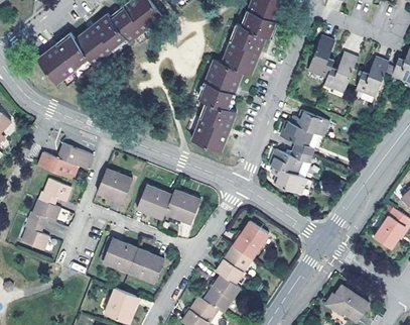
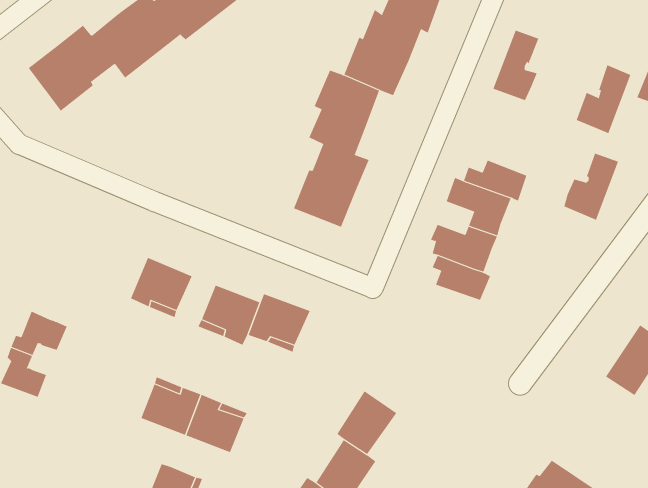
building: [324,52,357,92] -> [563,153,619,220]
building: [36,142,93,180] -> none
building: [39,179,71,204] -> none
building: [233,220,268,258] -> none

